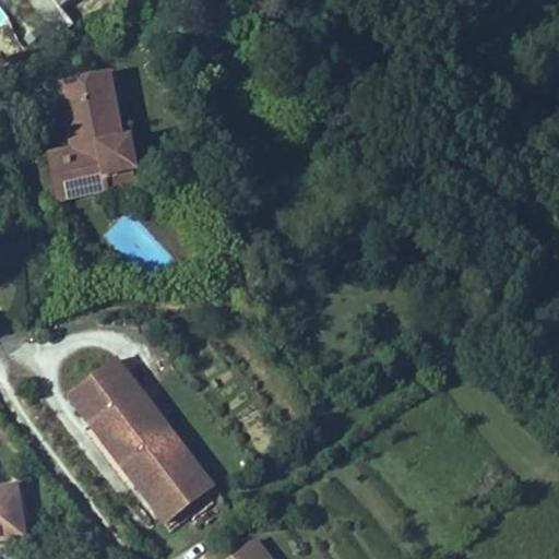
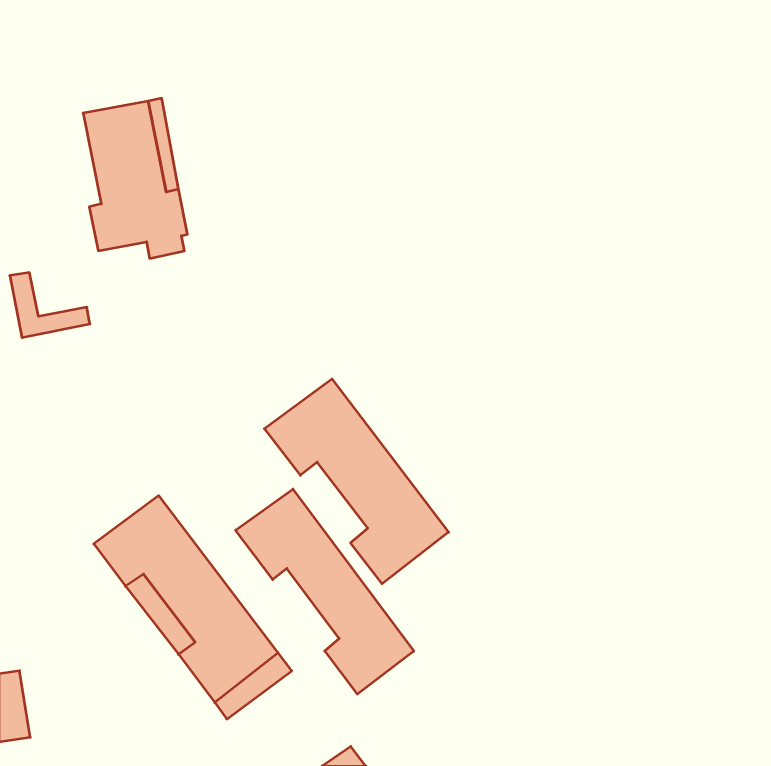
building: [50,150,108,197] -> [10,273,90,338]
building: none -> [264,379,449,584]
building: none -> [236,489,414,694]

